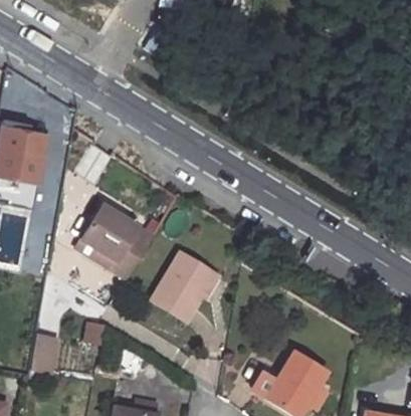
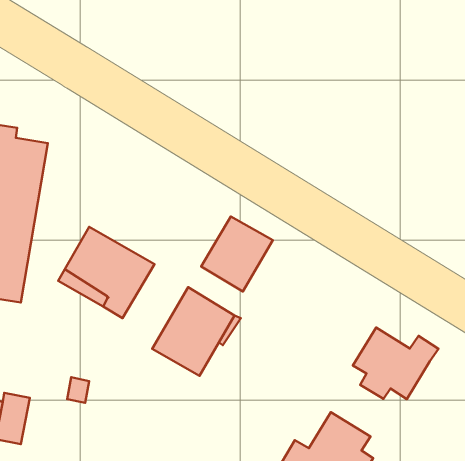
building: none -> [201,217,273,291]
building: none -> [353,328,439,399]

